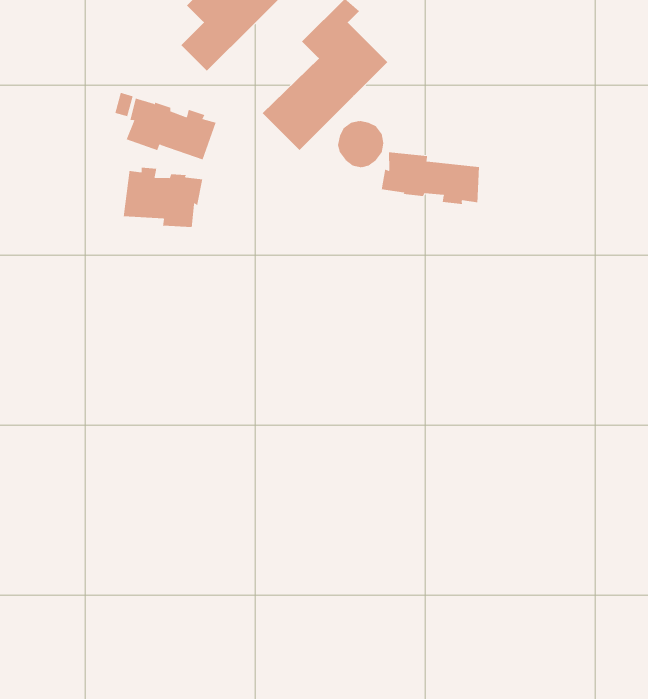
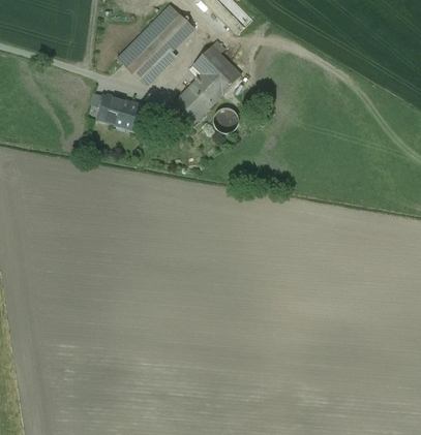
building: [381,152,480,205] -> none
building: [123,167,203,228] -> none

